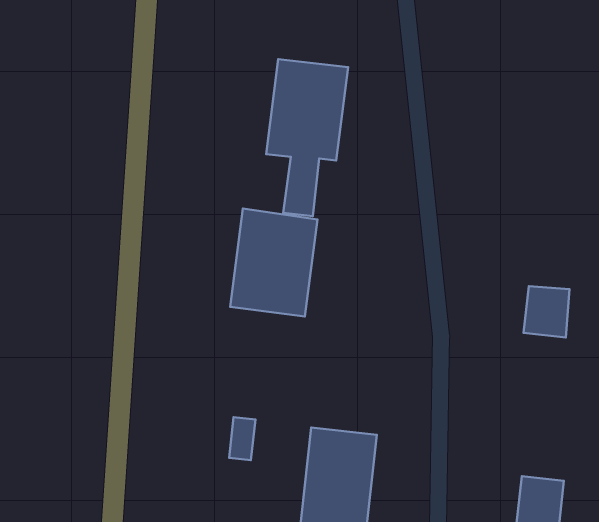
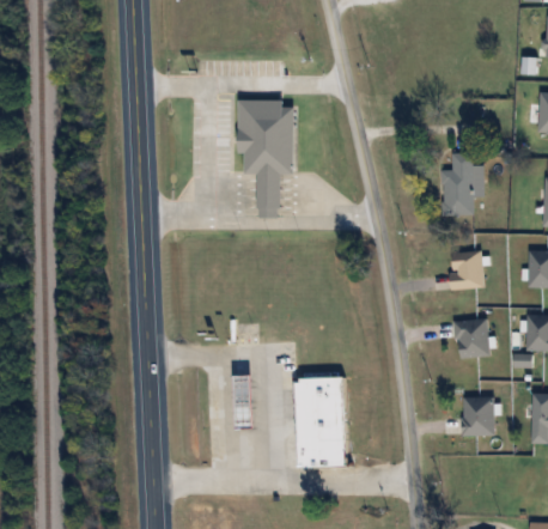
building: none -> [440,152,483,214]
building: [230,209,317,316] -> none
building: none -> [455,318,487,357]

